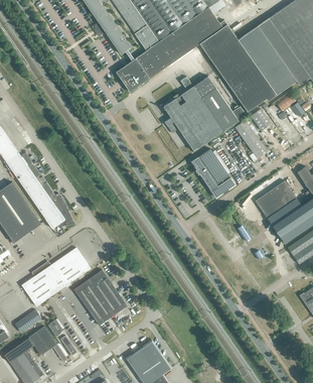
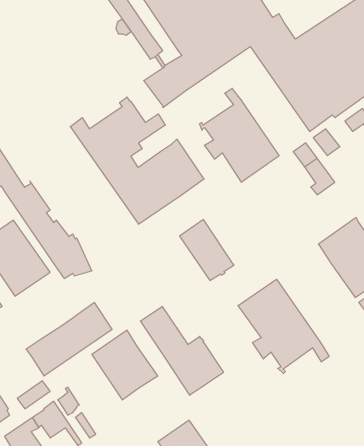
building: [193,76,246,130] -> none
building: none -> [70,97,204,224]
building: [191,148,234,197] -> [180,220,234,280]
building: none -> [238,279,329,374]
building: none -> [140,306,223,395]

